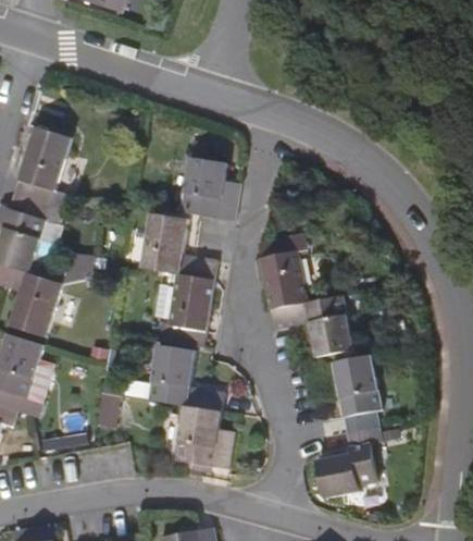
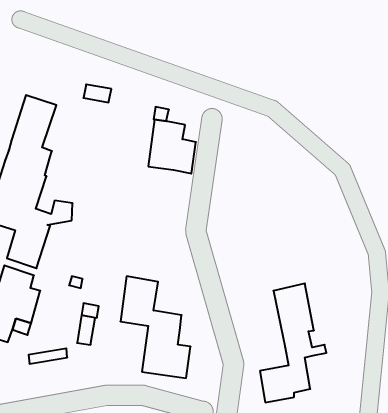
building: [142,213,215,345] -> none
building: [257,234,352,357] -> none

